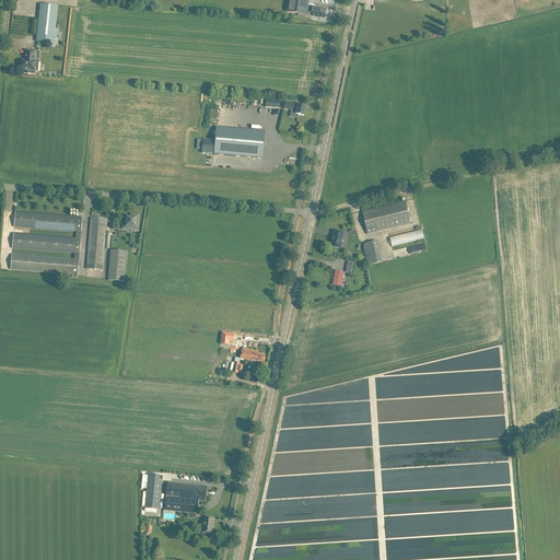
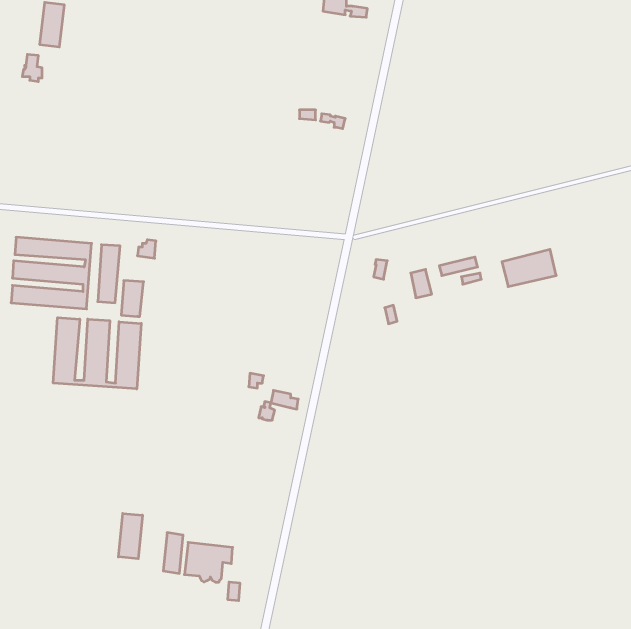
building: [212,125,264,156] -> none
building: [361,199,409,232] -> [502,249,556,287]
building: none -> [53,318,141,389]
building: none -> [118,513,142,559]

